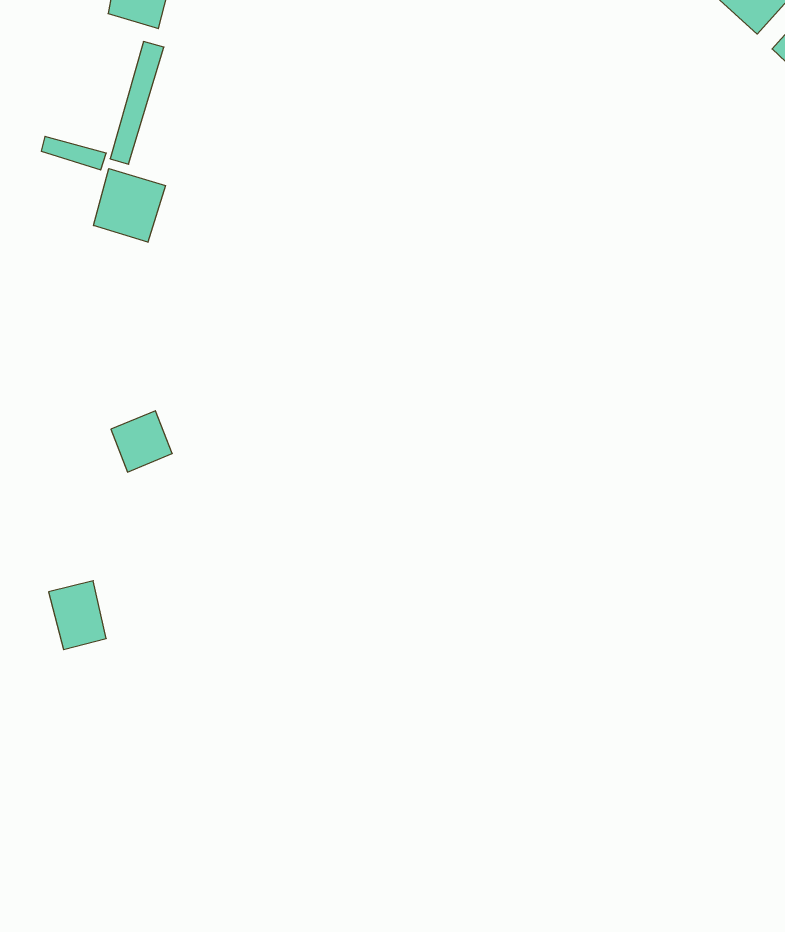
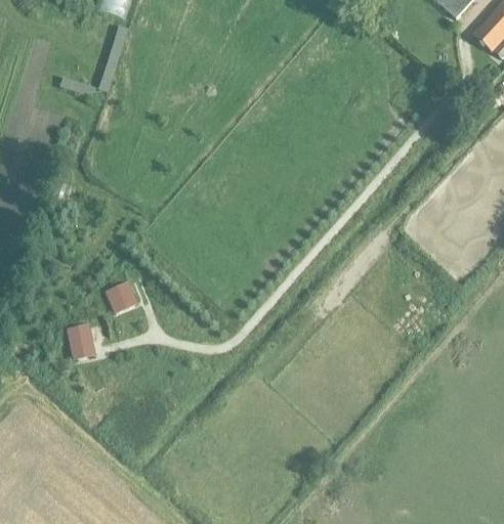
building: [94,169,166,242] -> none
building: [111,411,172,472] -> [107,279,140,313]

